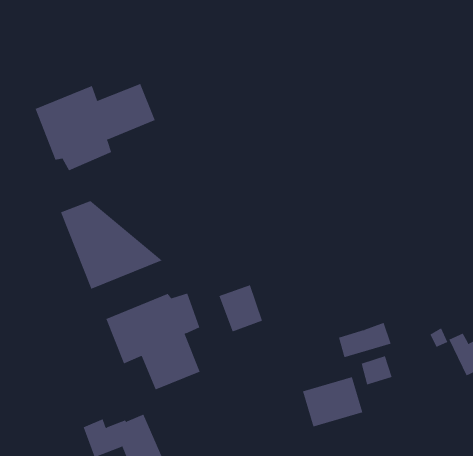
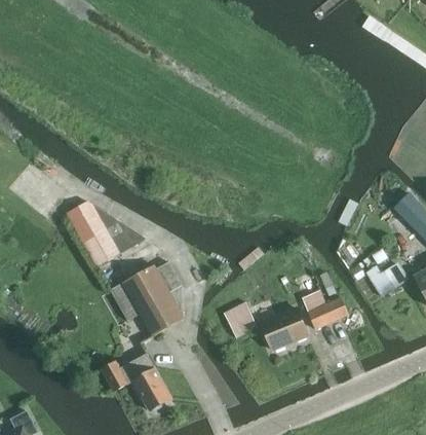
building: [35,83,156,171] -> none
building: [219,285,263,332] -> [224,301,259,338]
building: [338,322,391,358] -> [309,298,349,328]

